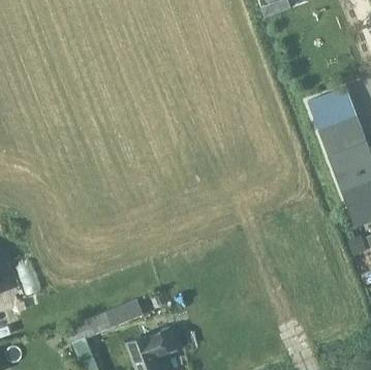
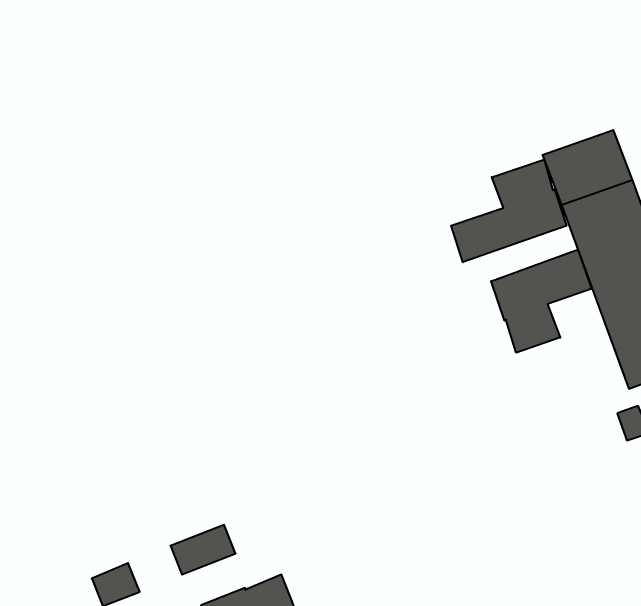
building: none -> [451,159,566,262]
building: none -> [491,250,591,353]

